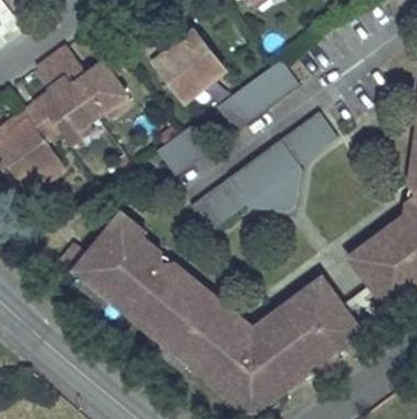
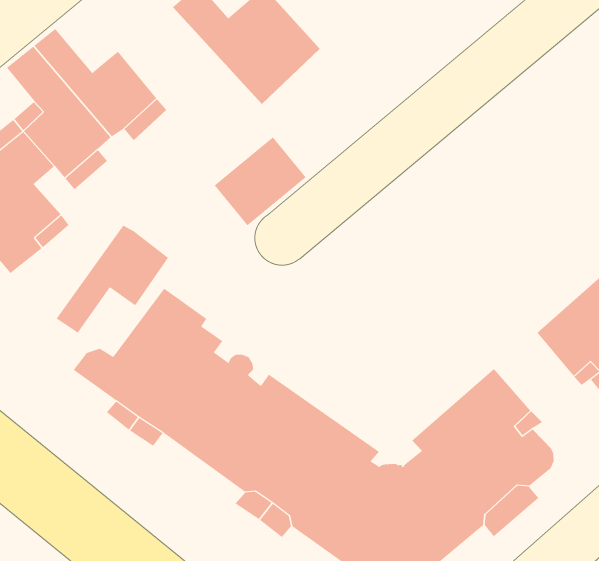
building: [216,59,299,132] -> none
building: [190,110,336,228] -> none
building: none -> [56,225,169,334]

